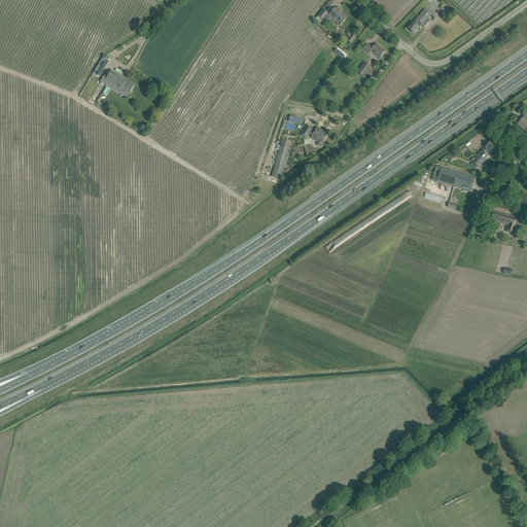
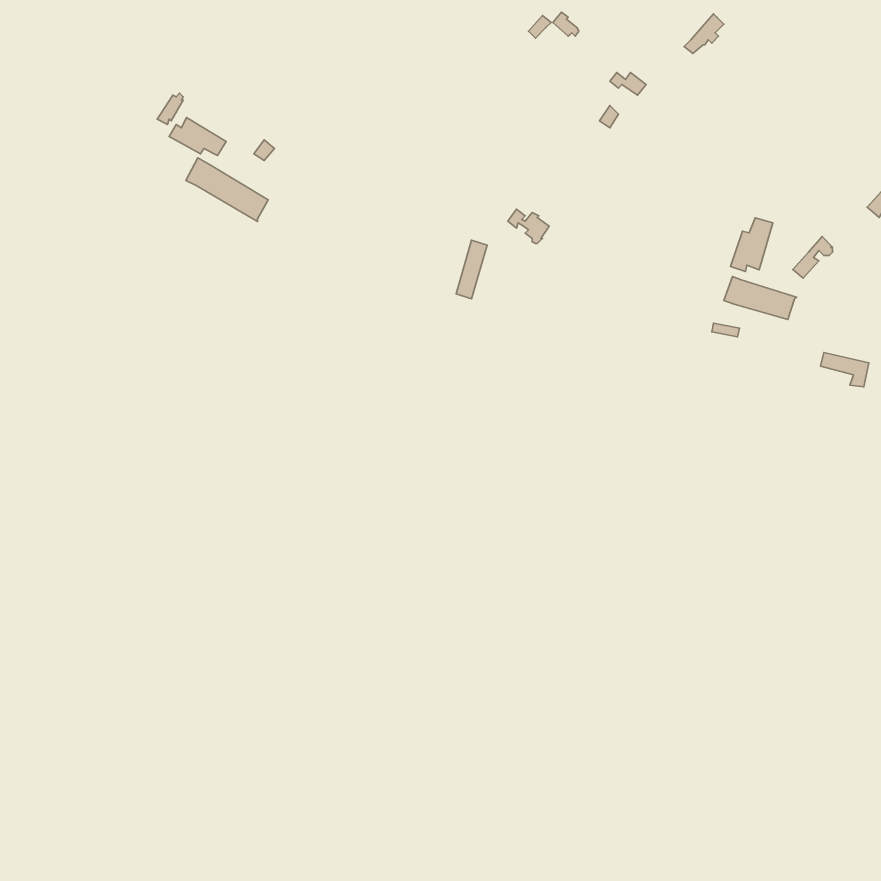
building: none -> [186,158,268,221]
building: none -> [730,218,773,271]

